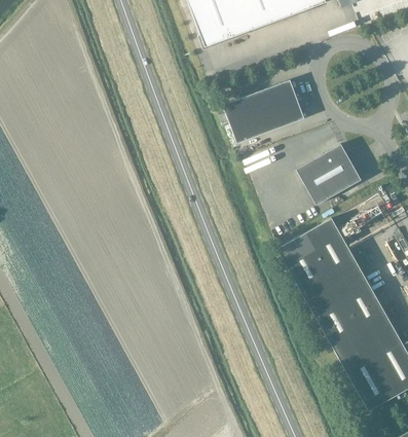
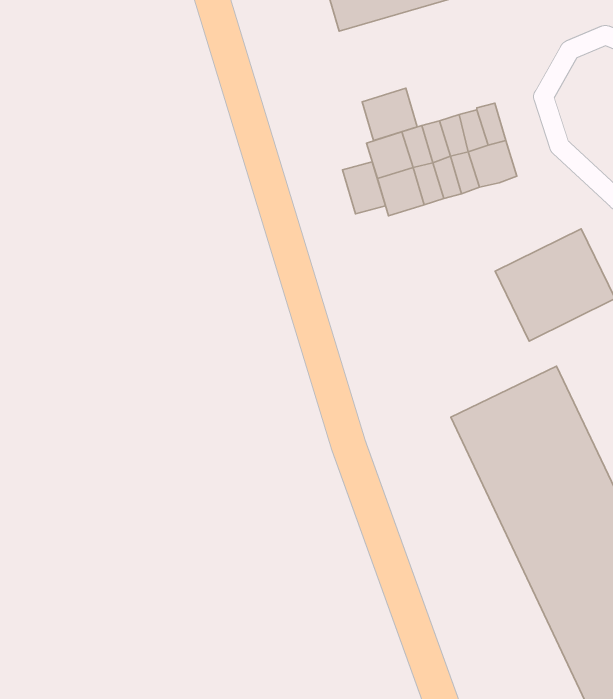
building: none -> [362,88,417,141]
building: none -> [342,162,385,214]

